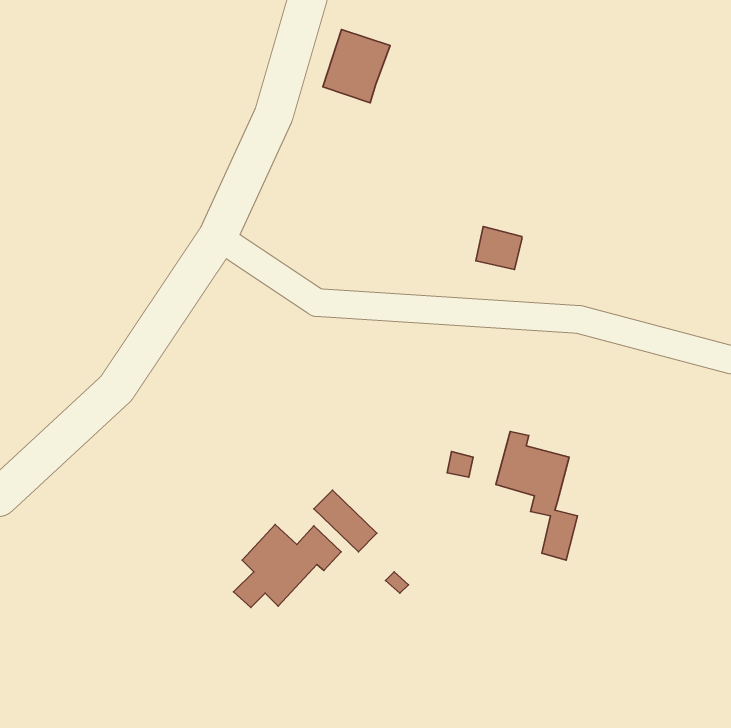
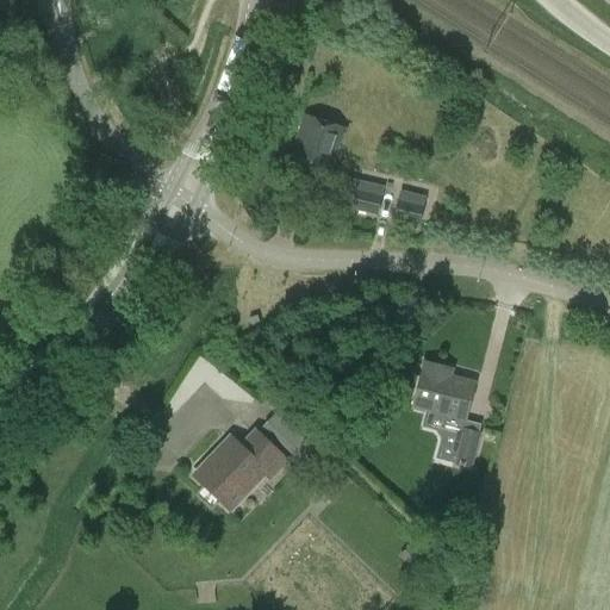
building: [323,30,390,103] -> [288,112,344,173]
building: none -> [344,176,382,212]

